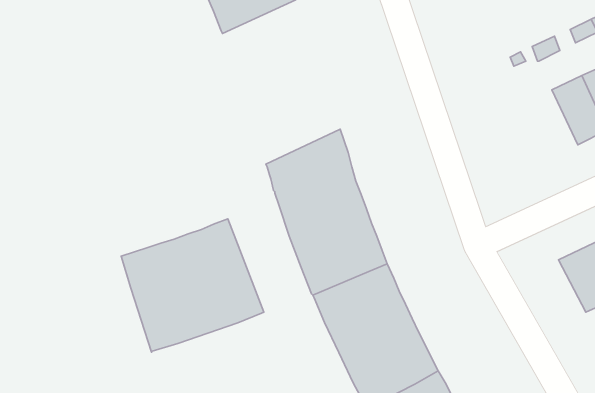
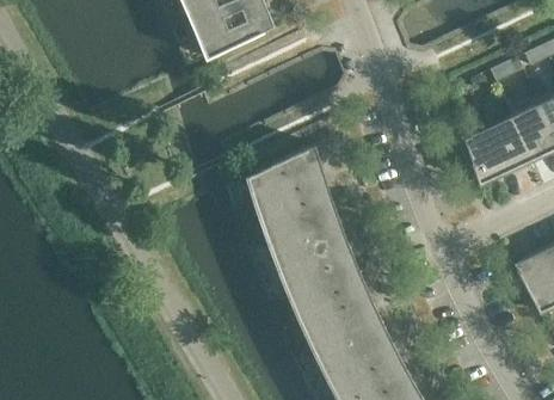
building: none -> [462,109,531,185]
building: [121,219,264,352] -> none

